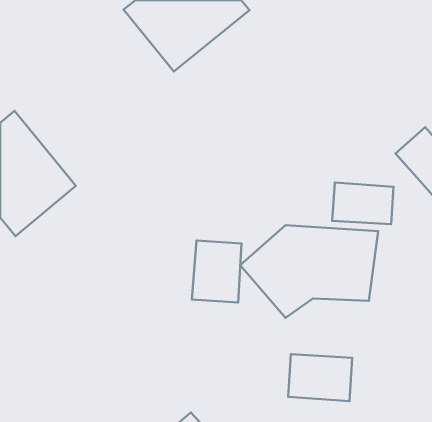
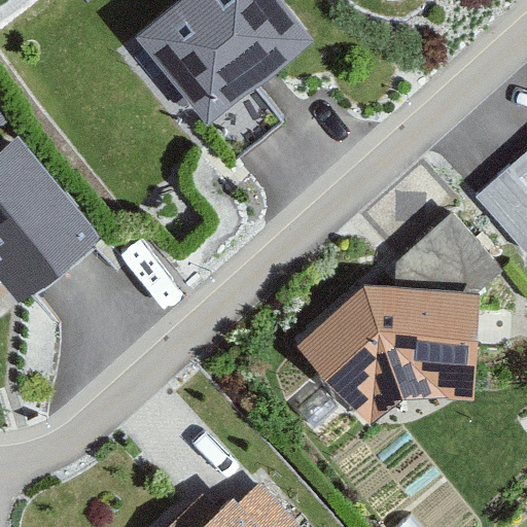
building: [192,241,241,303] -> none
building: [288,354,352,401] -> none

